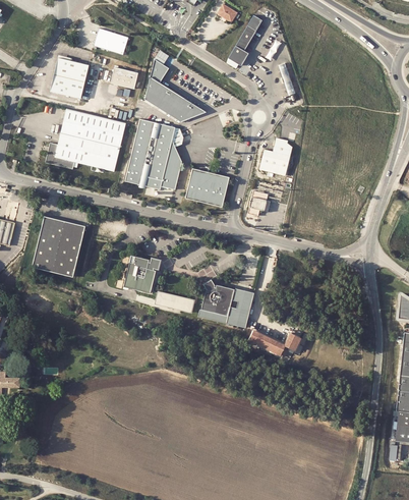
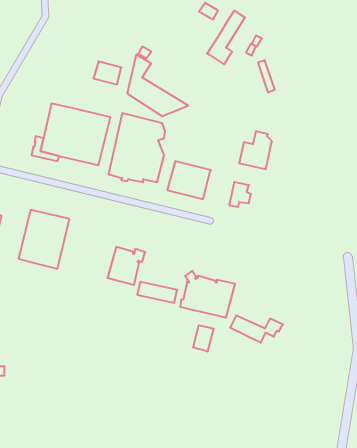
building: [93,27,127,54] -> none
building: [51,58,91,100] -> none
building: none -> [193,325,214,352]

